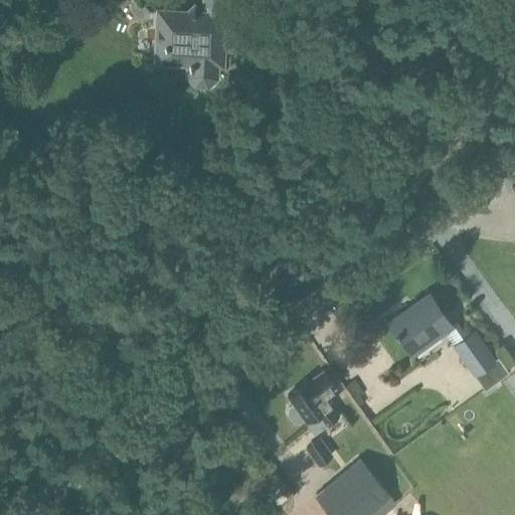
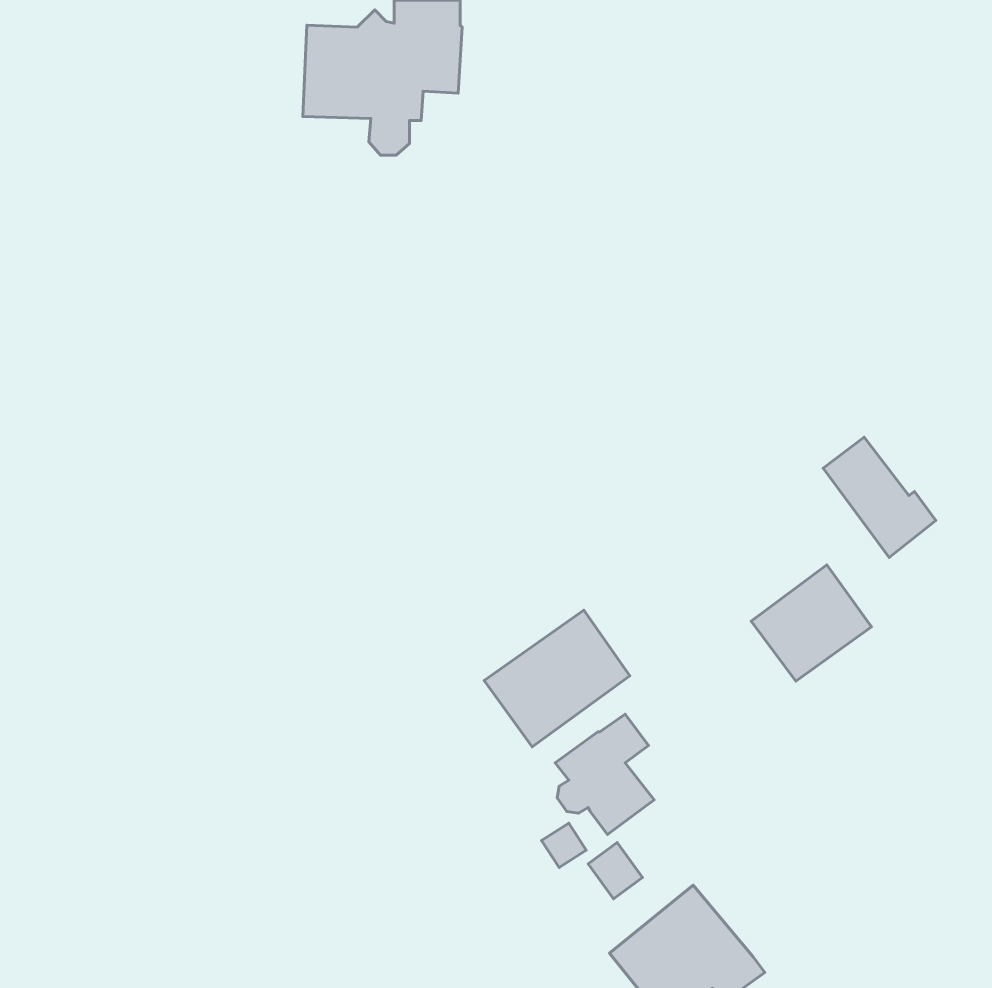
building: none -> [484,610,630,747]
building: [452,331,510,393] -> [823,437,936,558]

